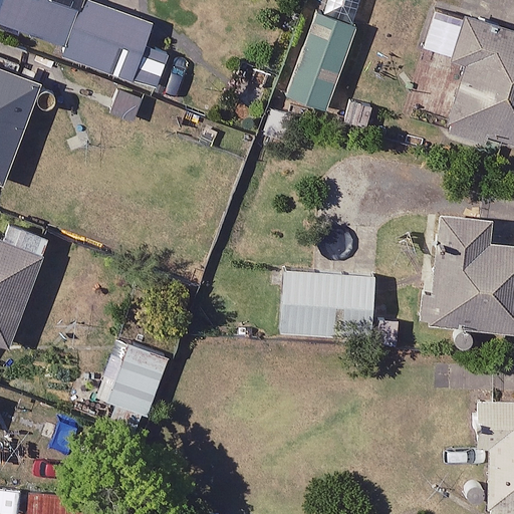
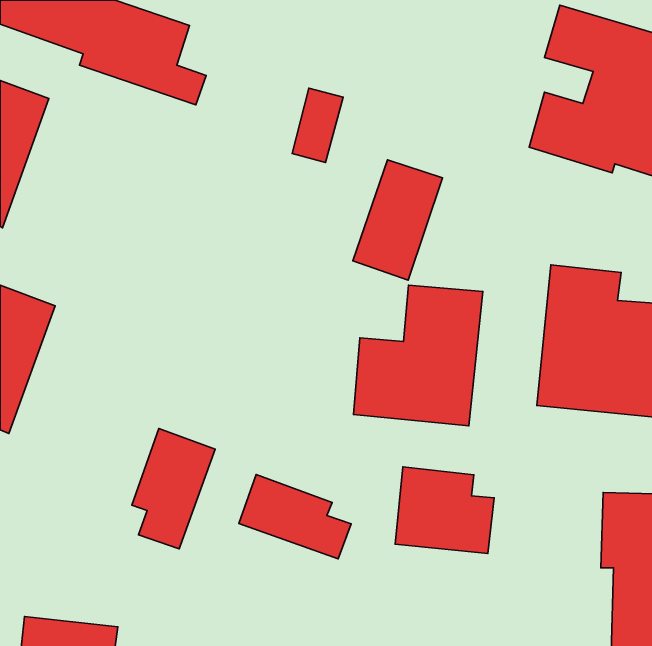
building: [284,16,354,110] -> [353,160,443,280]
building: none -> [395,467,494,554]
building: none -> [239,475,351,559]

